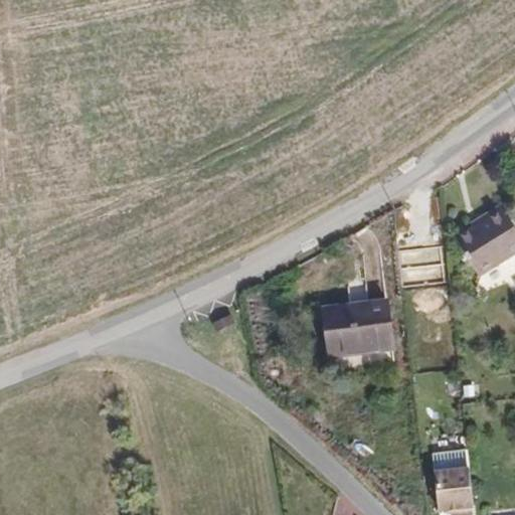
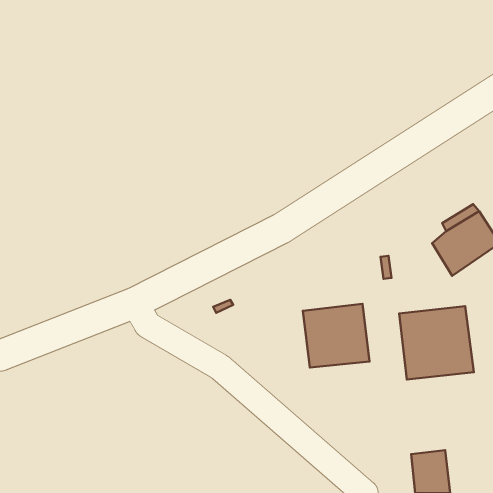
building: none -> [399,306,474,380]

